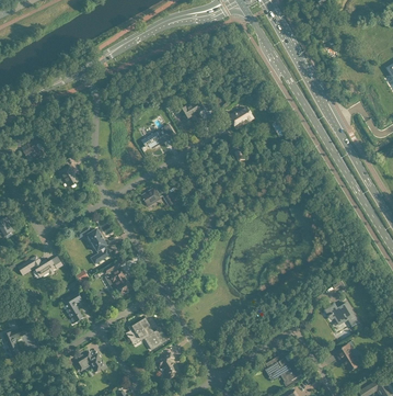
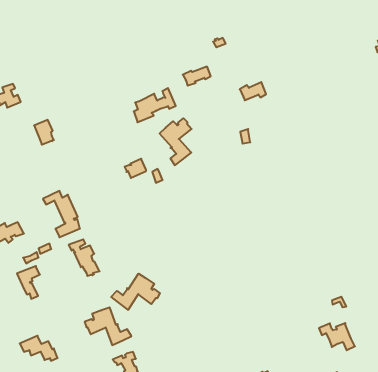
building: none -> [160,118,192,165]
building: none -> [111,274,160,310]

